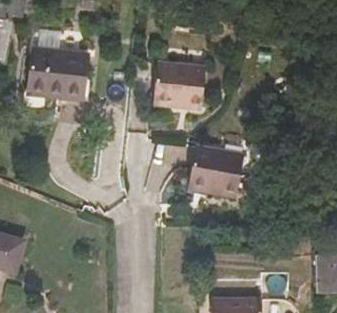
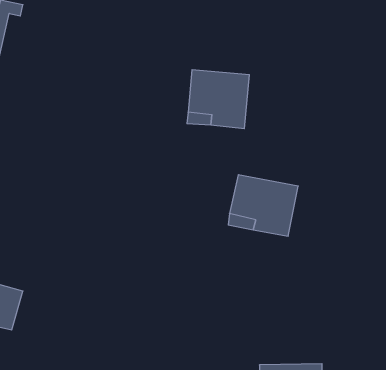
building: [29,49,89,99] -> none

